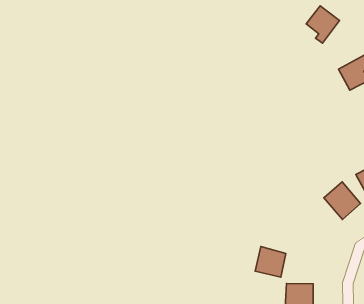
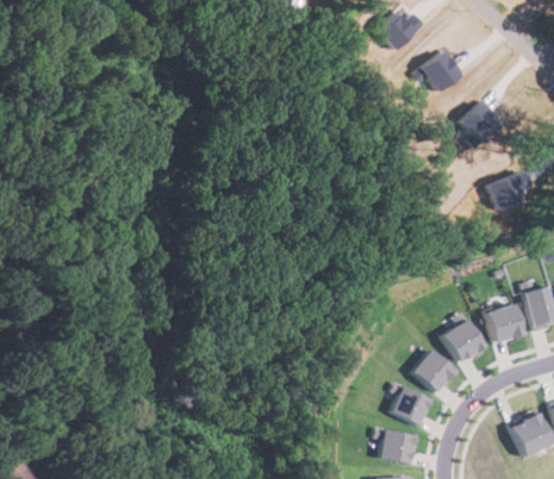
building: none -> [415,348,457,392]
building: [255,247,286,277] -> [391,385,431,425]

